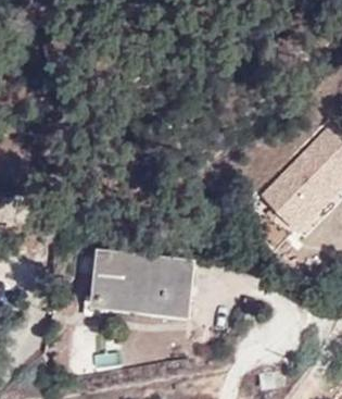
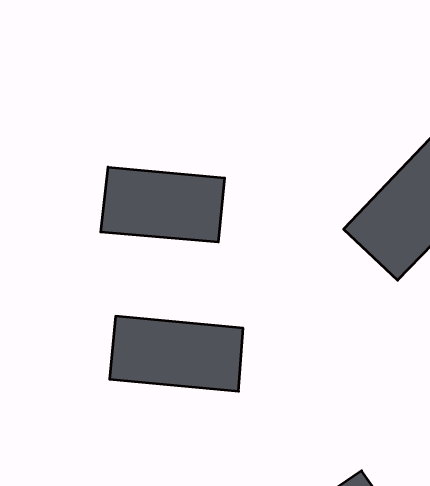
building: none -> [101,167,225,242]

